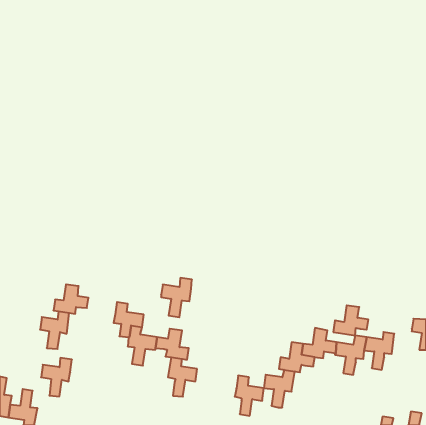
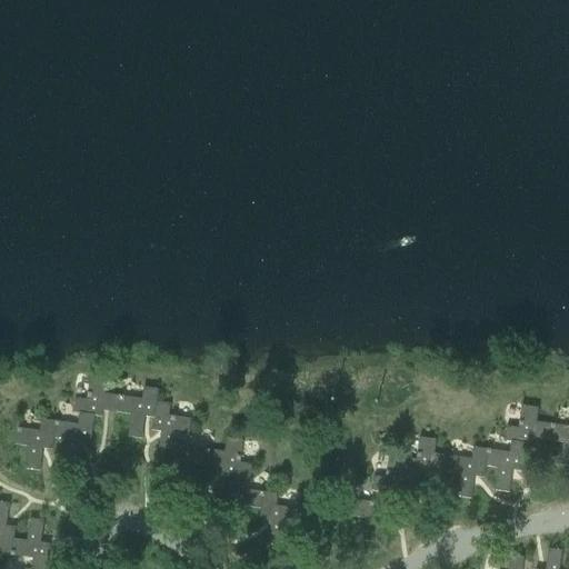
building: [161,278,192,317] -> [116,387,157,439]
building: [333,305,368,335] -> [503,405,550,445]
building: [41,358,72,396] -> [14,419,56,470]
building: [235,376,264,416] -> [258,490,297,543]

